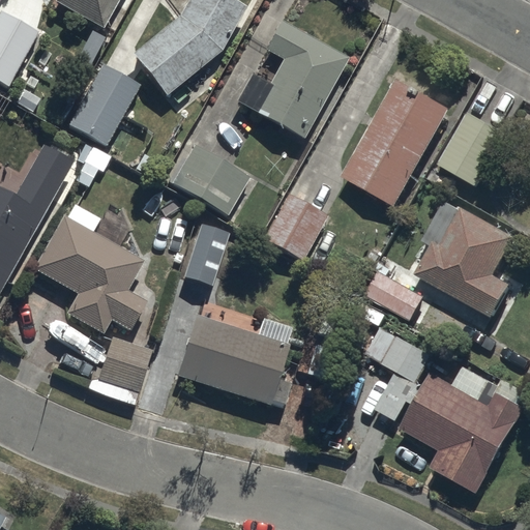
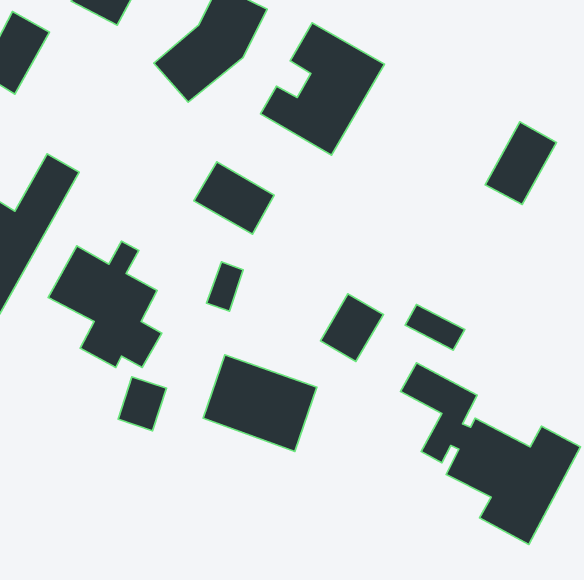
building: [76,65,139,139] -> none
building: [344,85,443,206] -> none
building: [265,195,322,256] -> [320,294,384,361]
building: [419,202,511,315] -> none

